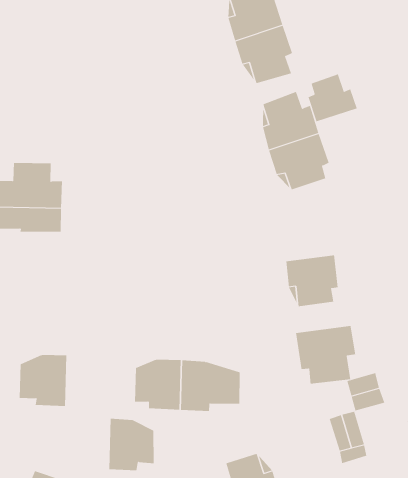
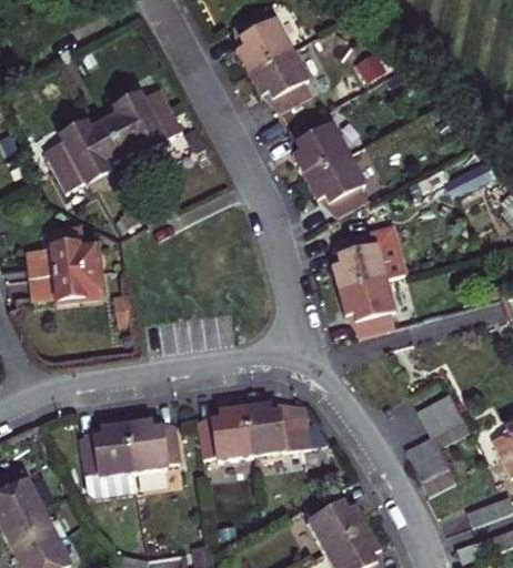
building: none -> [42,90,182,192]
building: [308,74,358,122] -> none
building: none -> [333,233,390,290]
building: [296,325,356,384] -> none
building: [108,418,154,471] -> [129,419,182,475]

